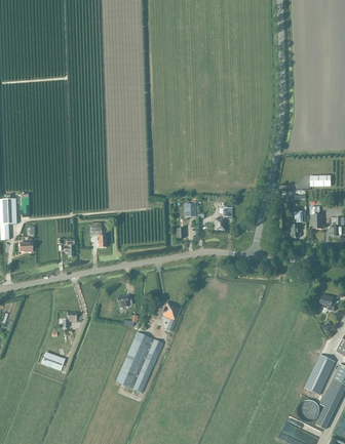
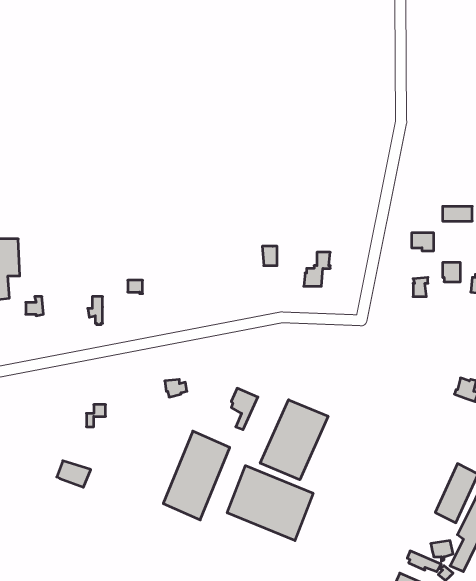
building: none -> [260,400,328,480]
building: none -> [227,466,313,541]

